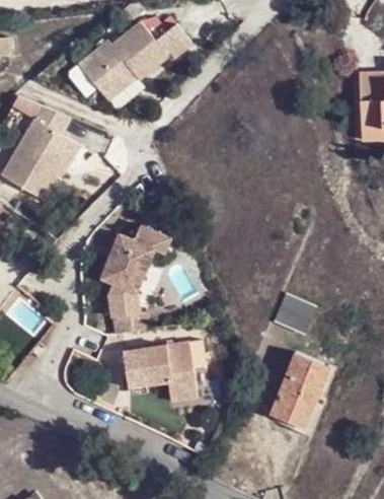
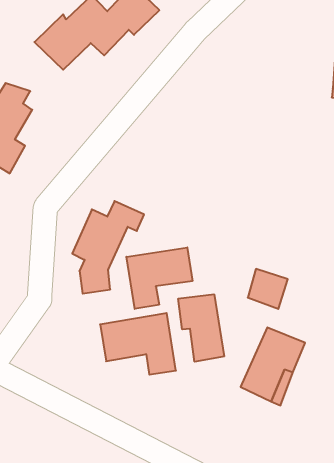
building: none -> [126,247,192,309]
building: none -> [178,294,224,362]

